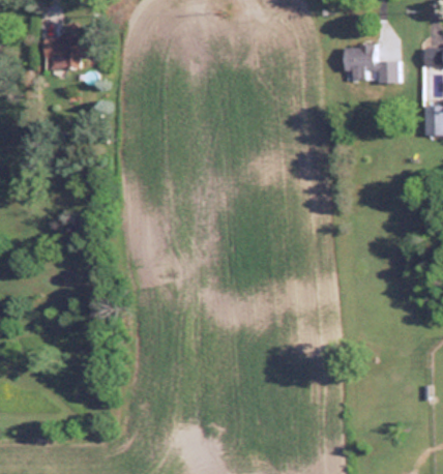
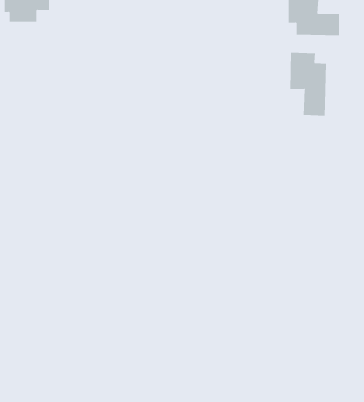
building: none -> [290,52,327,117]

